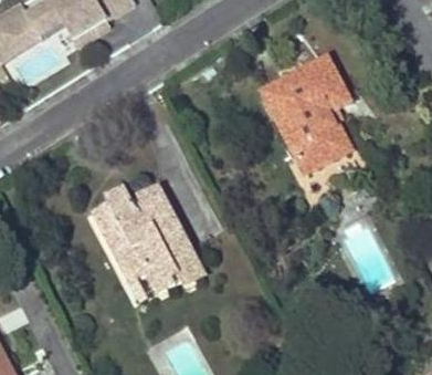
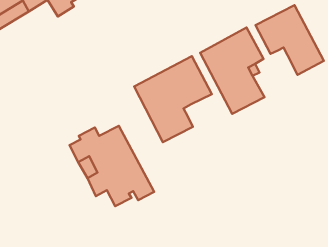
building: none -> [256,5,324,75]
building: none -> [134,56,212,142]

